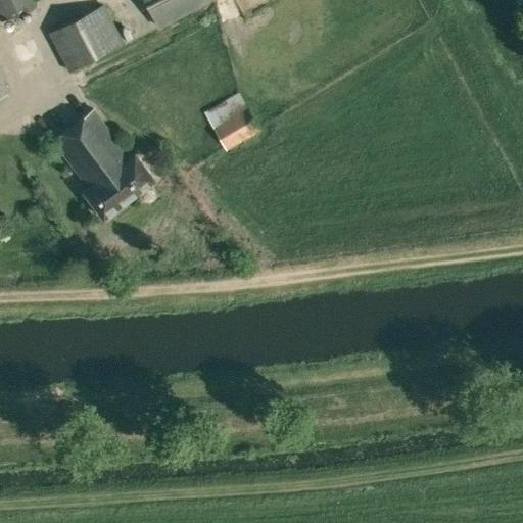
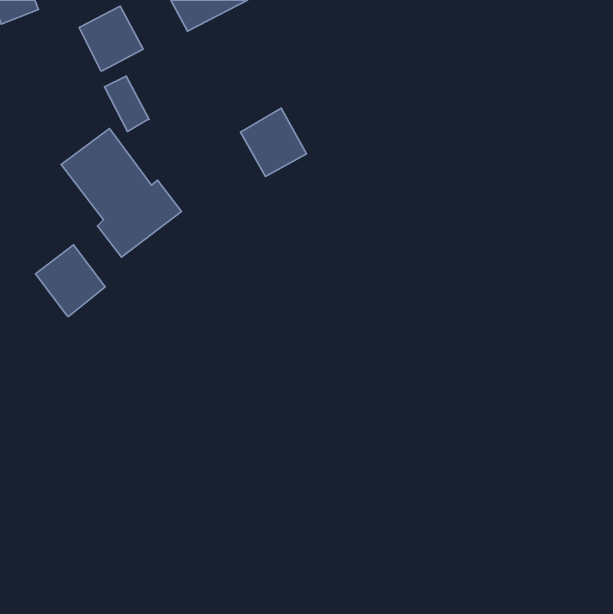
building: [49,23,87,70] -> [105,76,149,131]
building: none -> [35,245,105,316]

